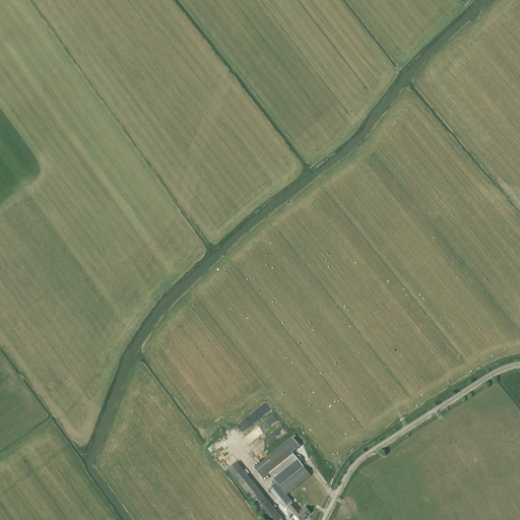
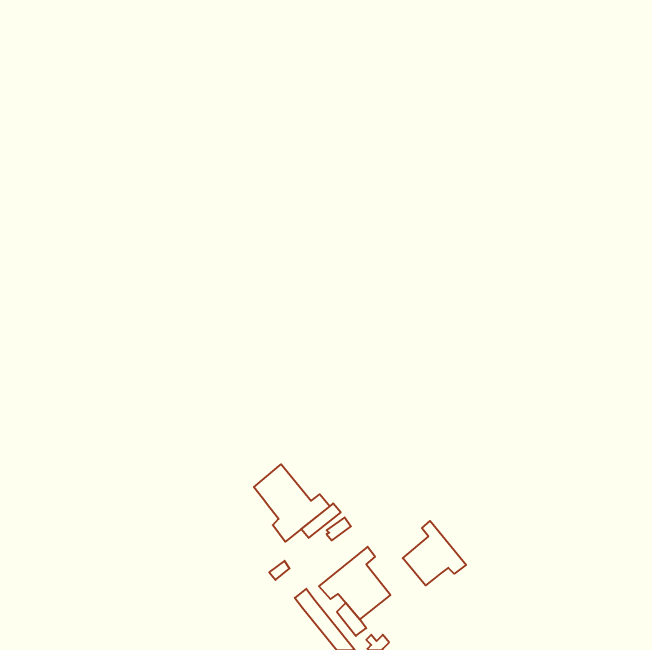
building: none -> [254,464,330,542]
building: none -> [403,521,466,585]

